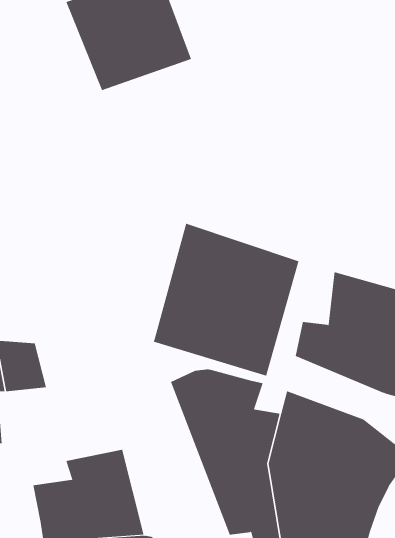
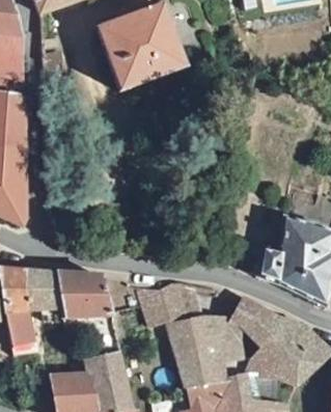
building: [153,223,299,377] -> none
building: none -> [58,268,113,312]

